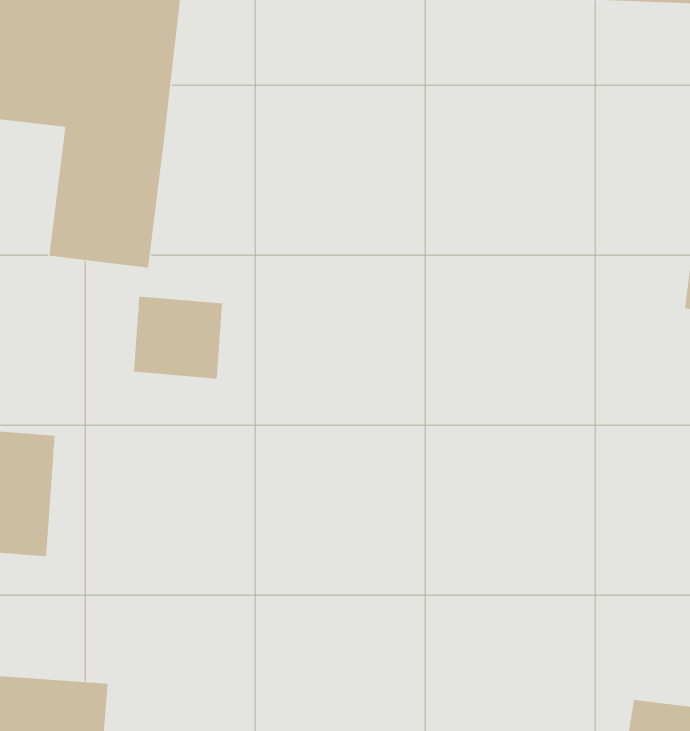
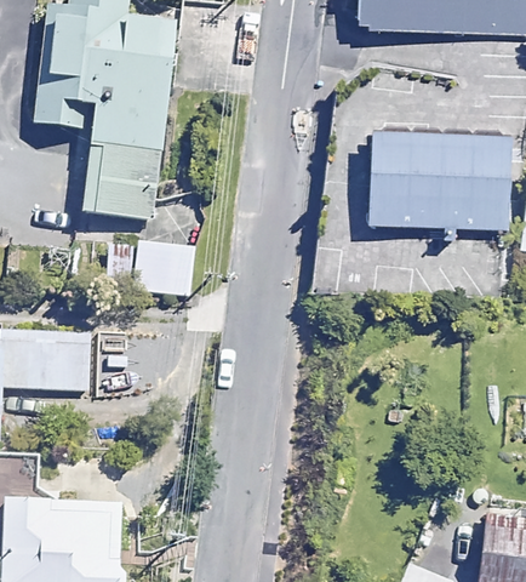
building: none -> [373,109,514,212]

